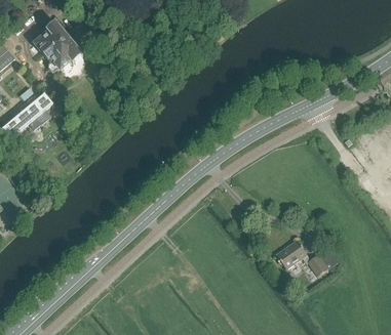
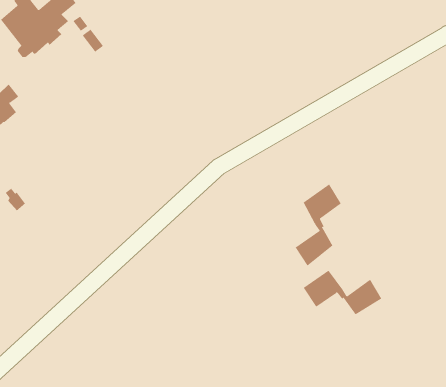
building: none -> [295,183,341,266]

